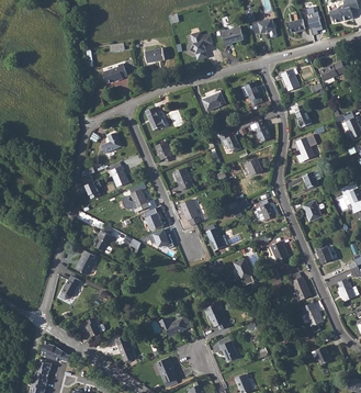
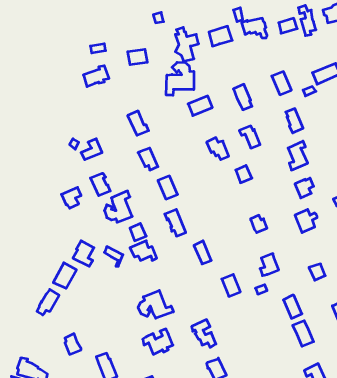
building: none -> [166,62,194,95]
building: none -> [138,290,173,318]

